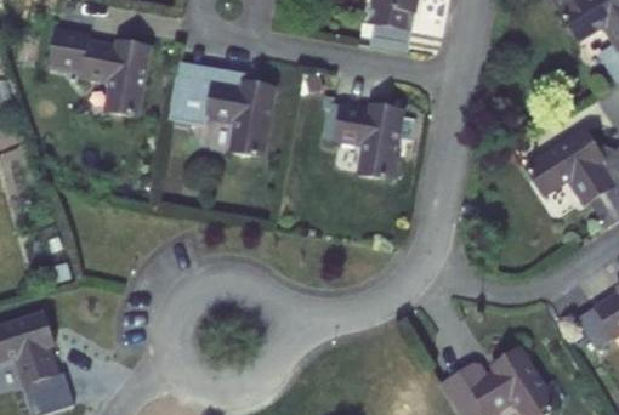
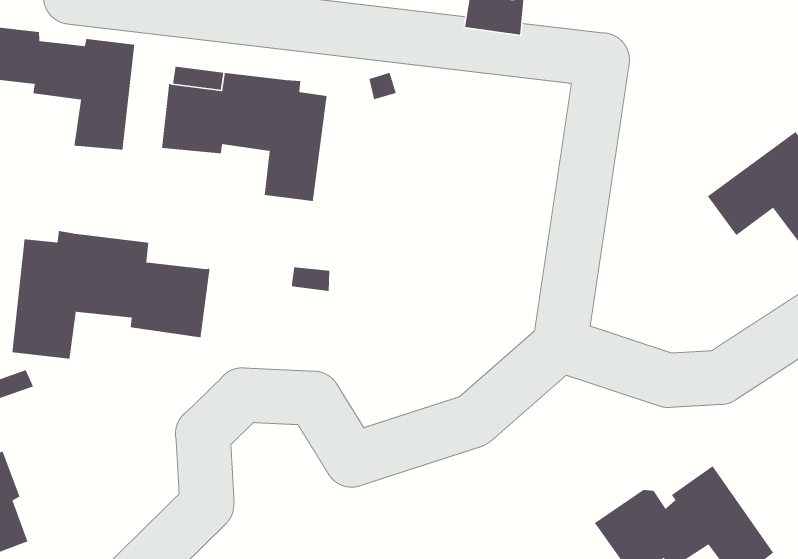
building: [333,103,414,181] -> none
building: none -> [11,230,211,359]

